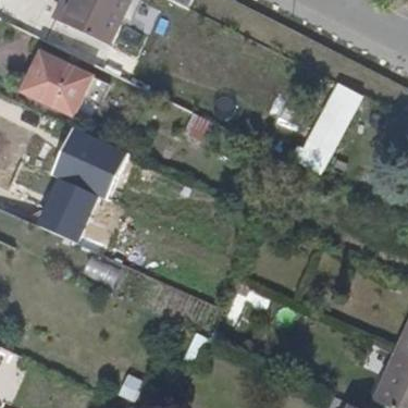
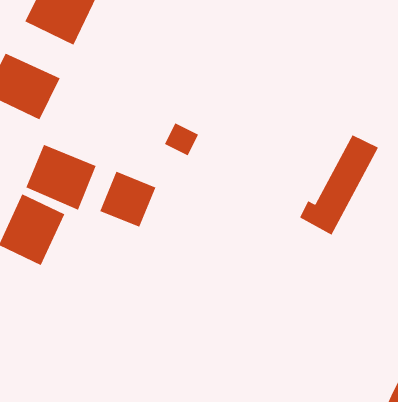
building: [286,85,358,176] -> [299,134,379,235]
building: none -> [99,171,156,228]

